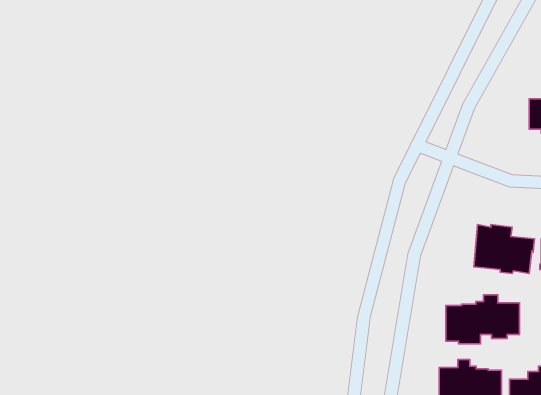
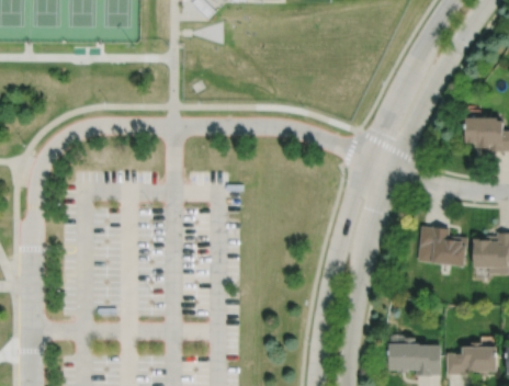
building: [446,295,520,344] -> none

